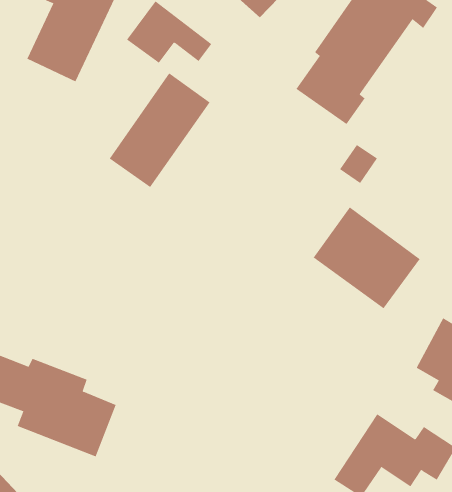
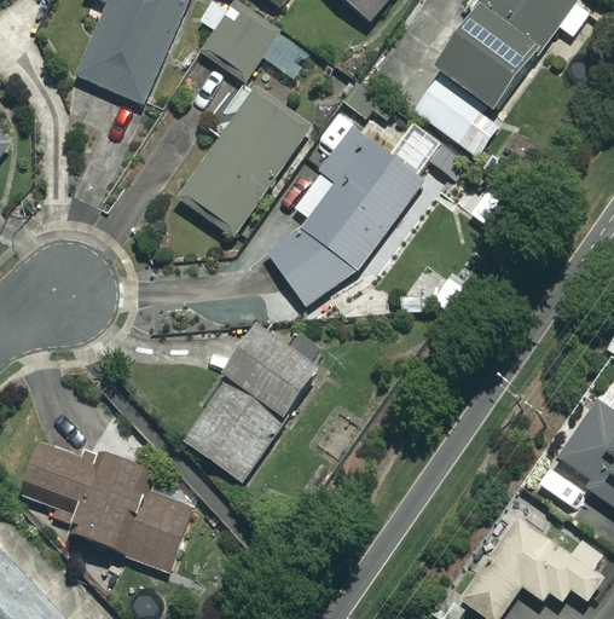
building: none -> [270,103,425,310]
building: [313,207,420,309] -> none
building: none -> [183,324,319,481]

